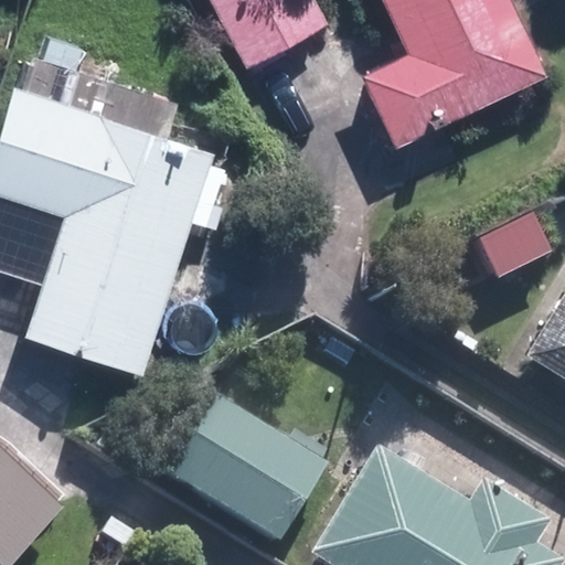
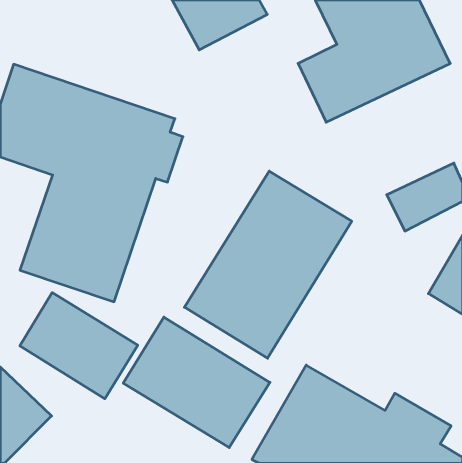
building: none -> [184,171,352,358]
building: none -> [20,293,138,399]

